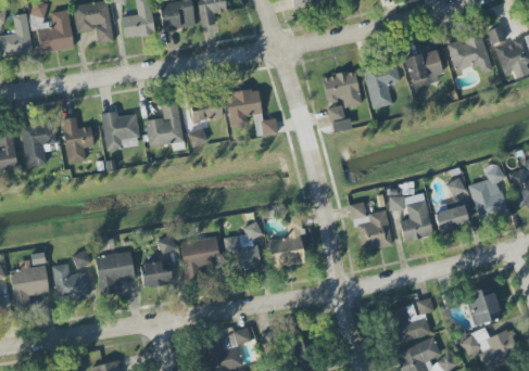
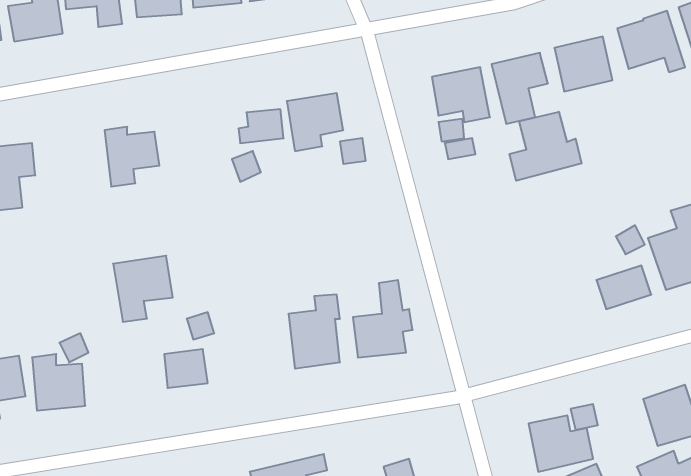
building: none -> [510,112,581,181]
building: [146,101,184,145] -> none
building: [62,117,95,163] -> none
building: [389,192,433,242] -> none
building: [351,202,393,252] -> none
building: [180,238,221,273] -> none
building: [95,251,135,295] -> [113,256,173,322]

